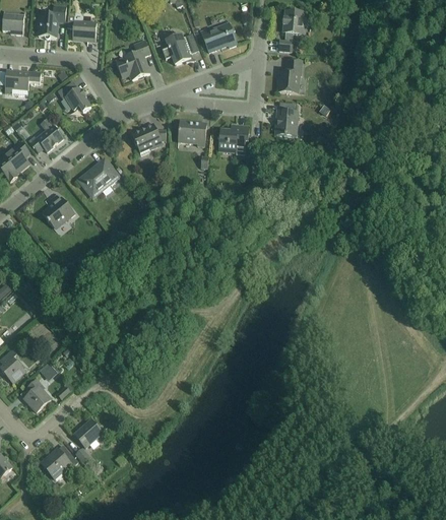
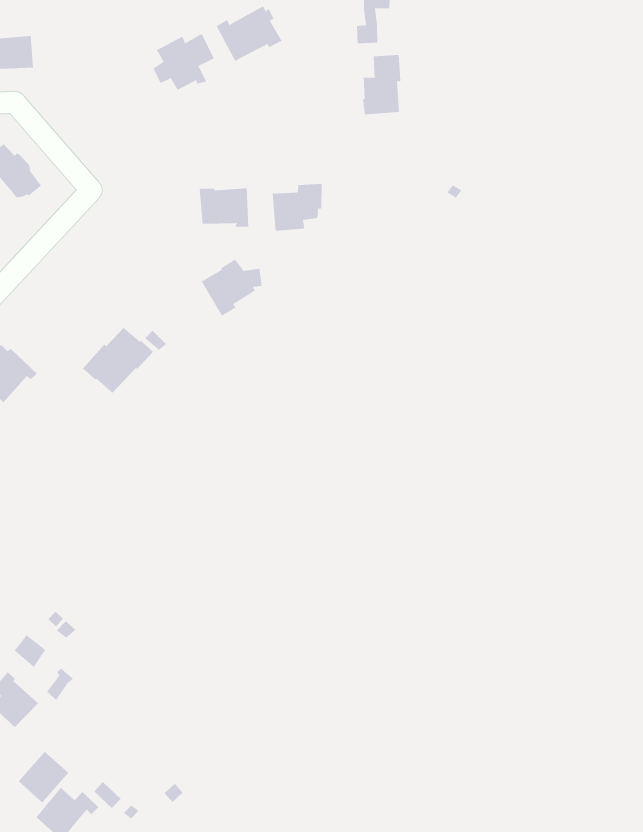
building: [115,40,150,79] -> none
building: [274,102,298,135] -> none
building: [131,123,166,154] -> [201,259,263,317]
building: [77,159,119,196] -> [82,327,154,393]
building: [73,418,103,448] -> [18,751,69,803]

